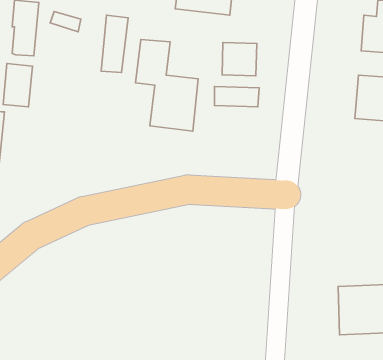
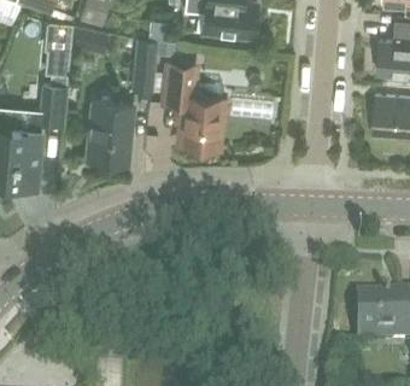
building: [222,42,257,76] -> none
building: none -> [88,101,134,163]

